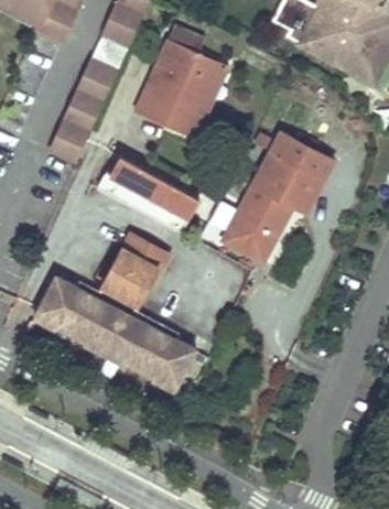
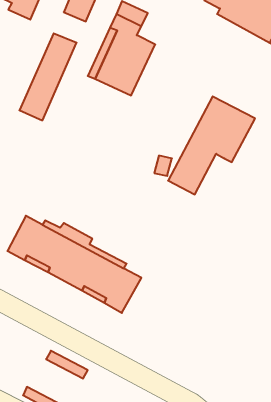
building: [183,51,225,137] -> none
building: [100,154,203,232] -> none
building: [223,203,294,266] -> none
building: [102,234,169,304] -> none

